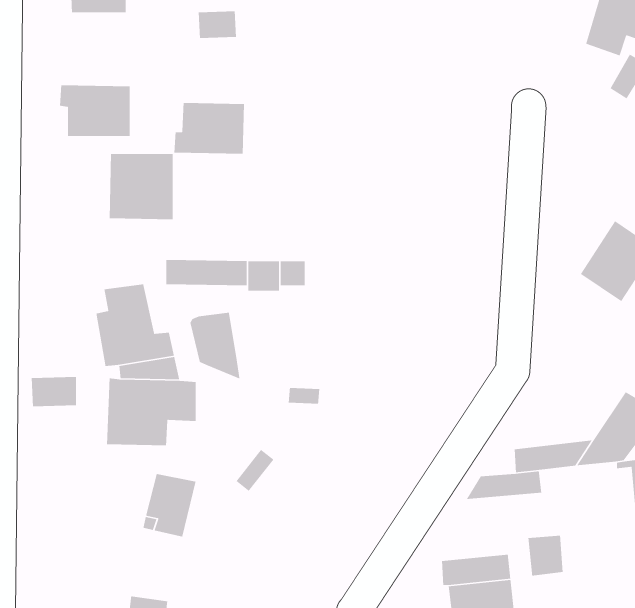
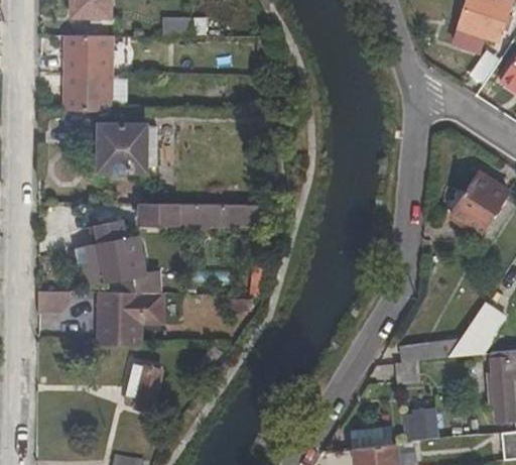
building: [174,102,245,154] -> [61,33,115,73]
building: [190,312,240,380] -> none

